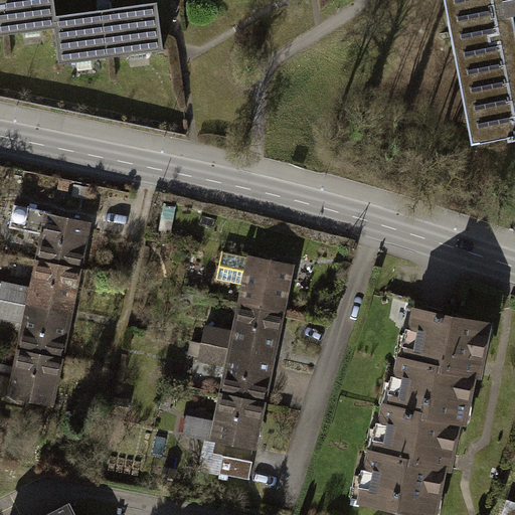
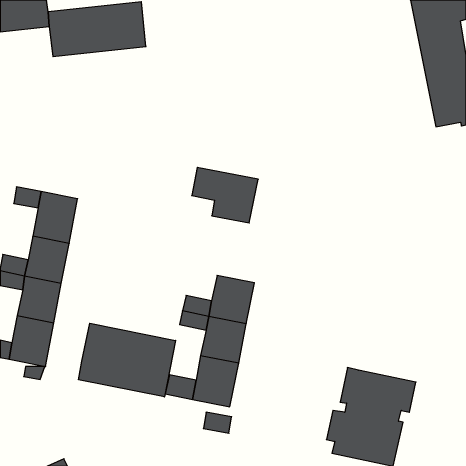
building: [217,250,291,312] -> [192,167,258,223]
building: [389,308,490,422] -> none
building: none -> [79,323,176,397]

